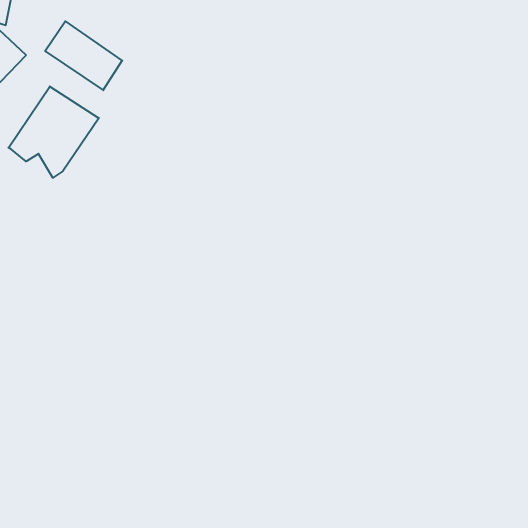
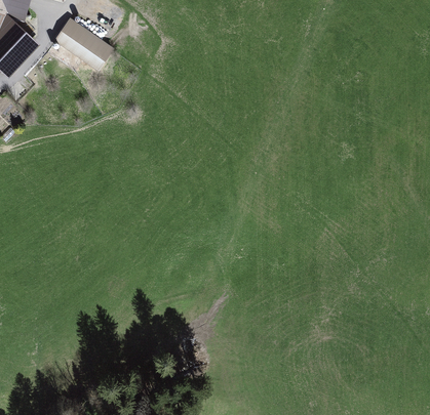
building: [8,86,99,178] -> none

